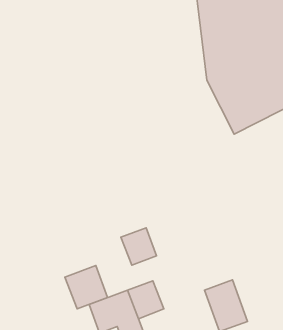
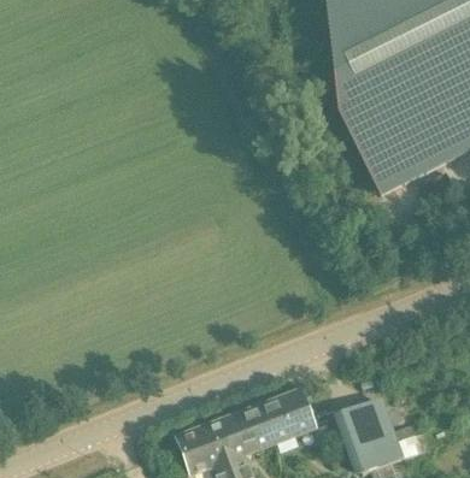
building: [121,228,156,265] -> [265,388,316,441]
building: [65,265,107,309] -> none

